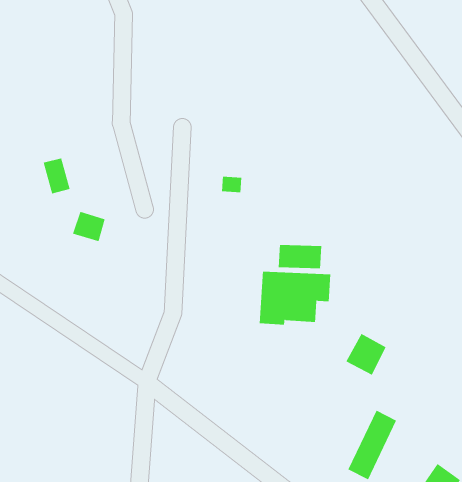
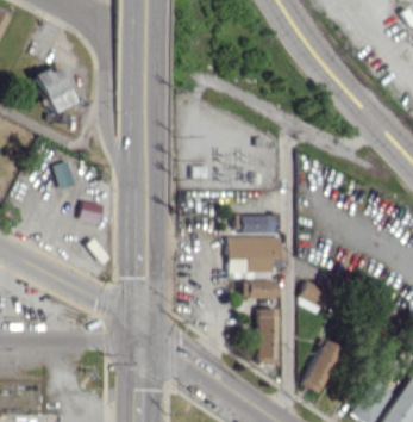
building: none -> [35,66,75,112]
building: none -> [243,280,280,298]
building: none -> [257,309,279,364]

